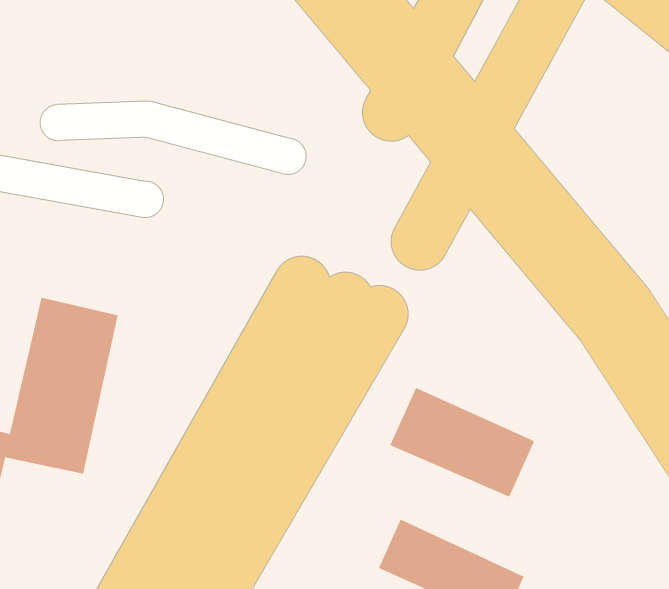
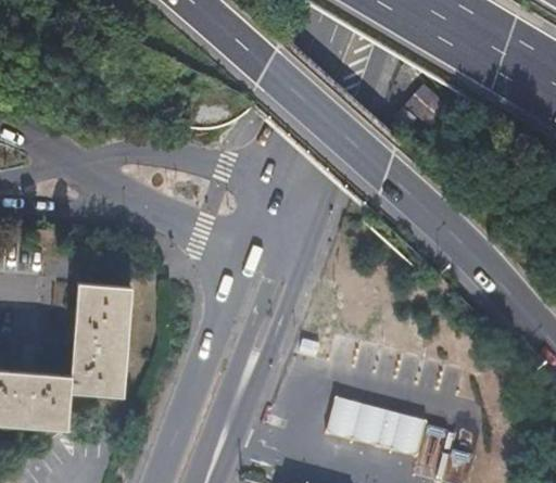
building: [390,387,535,498] -> none

